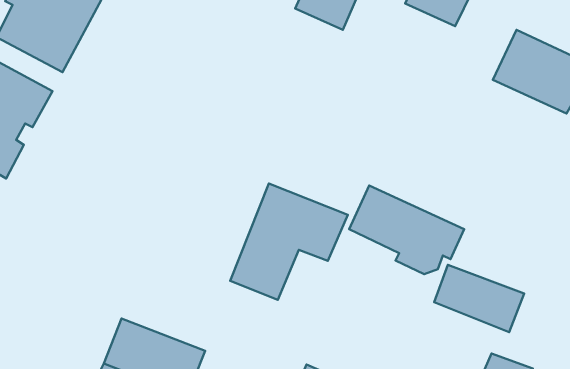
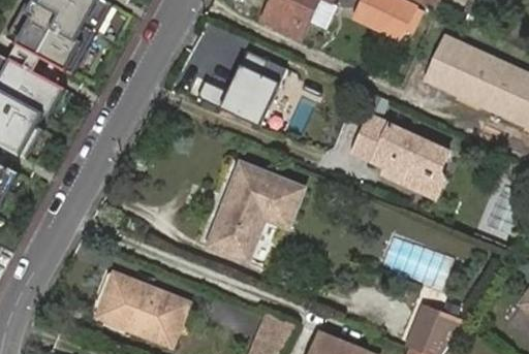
building: none -> [221,51,278,126]
building: [349,186,464,274] -> [353,116,448,189]

